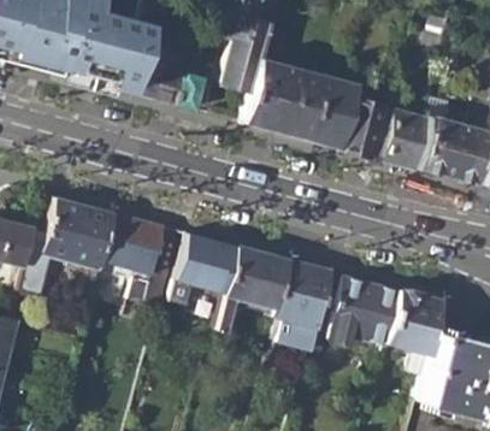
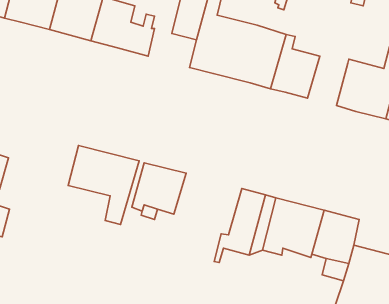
building: [380,108,427,166] -> none
building: [39,196,112,266] -> none
building: [211,246,303,352] -> none

